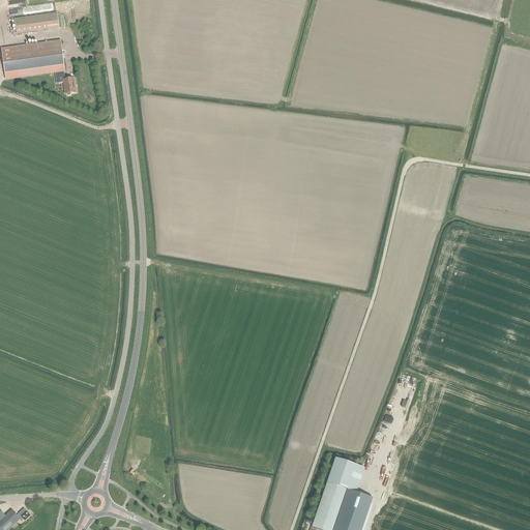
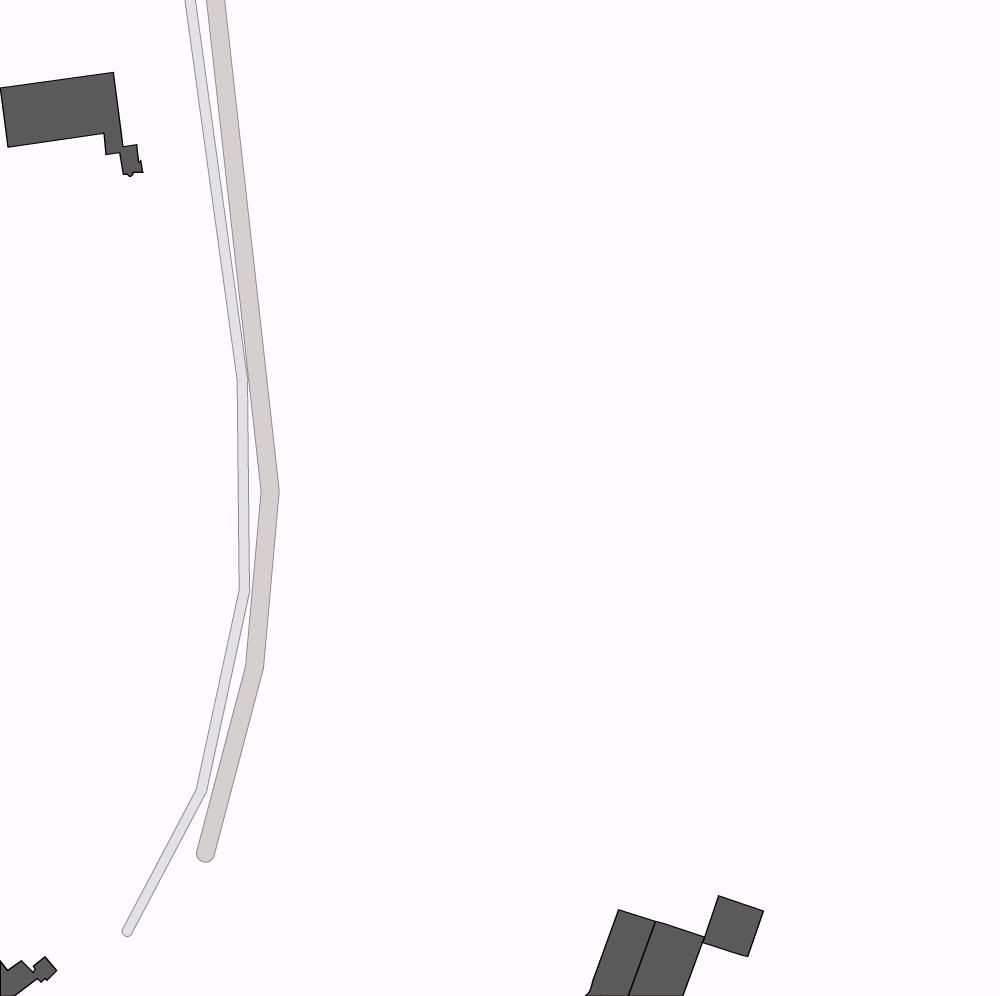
building: [14,11,59,32] -> none
building: [327,457,359,489] -> [703,896,763,956]

